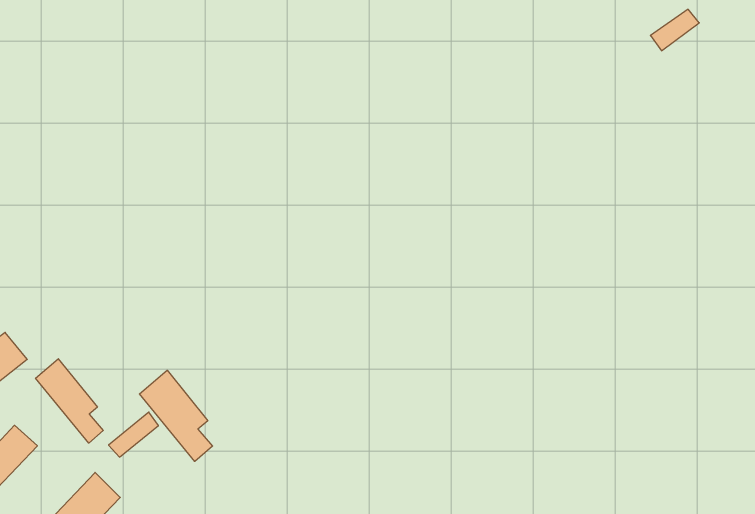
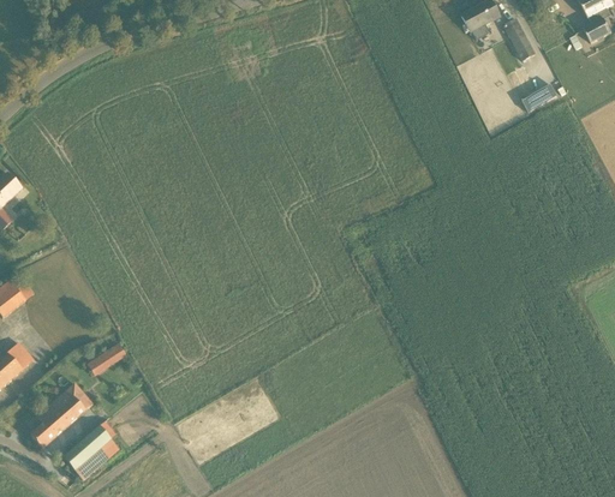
building: [36,359,103,443] -> none
building: [139,370,213,461] -> none

